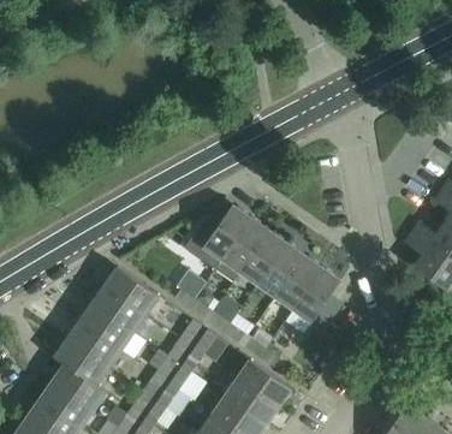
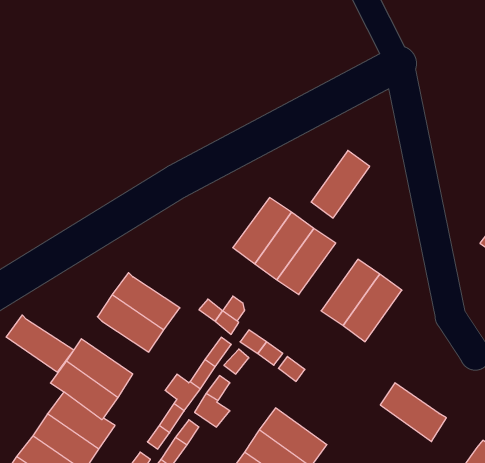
building: [257,242,305,297] -> [311,150,370,218]
building: [79,302,135,349] -> [6,315,74,372]
building: [238,358,292,406] -> [380,383,446,442]

